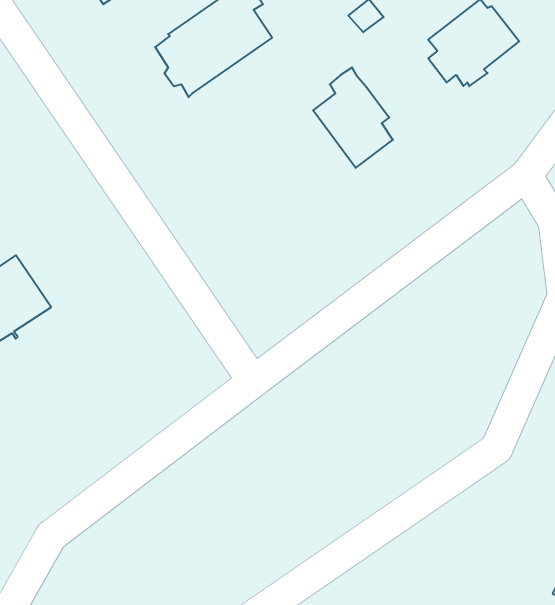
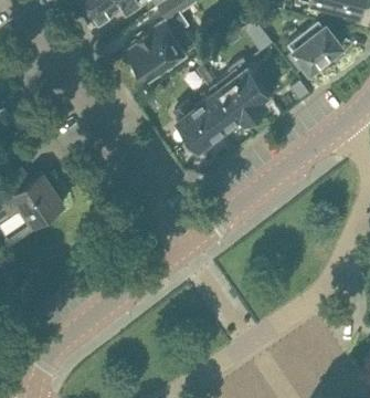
building: none -> [175,59,245,154]

